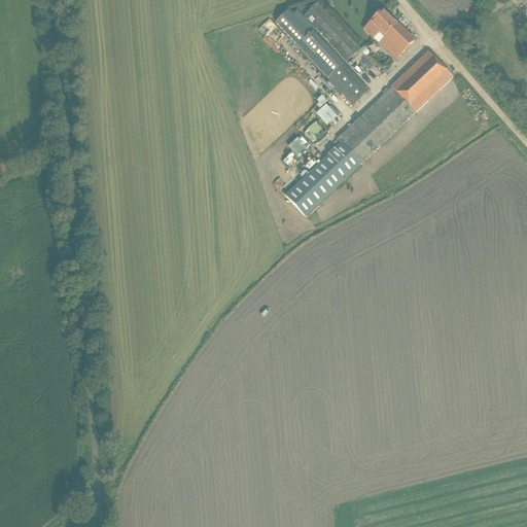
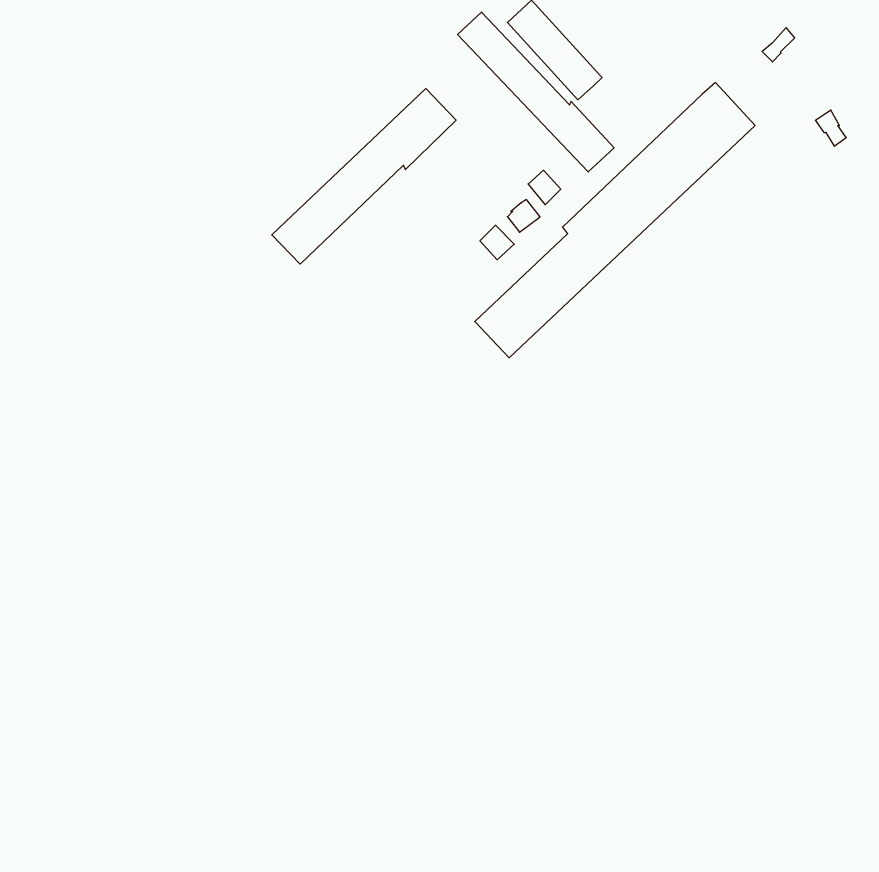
building: [364,7,414,56] -> none
building: none -> [272,89,456,264]

